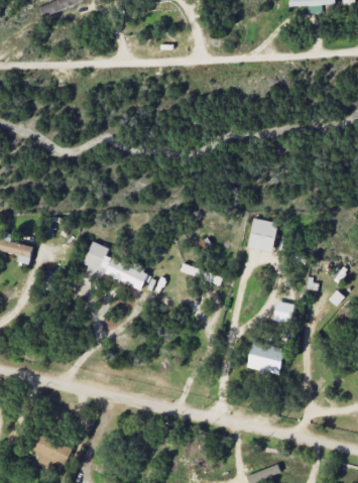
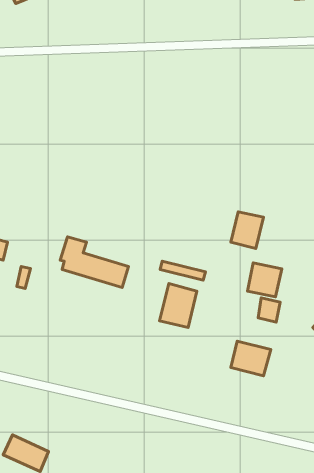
building: none -> [247,263,282,297]
building: none -> [160,283,197,327]

